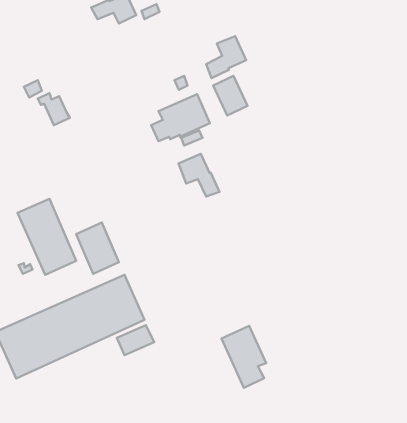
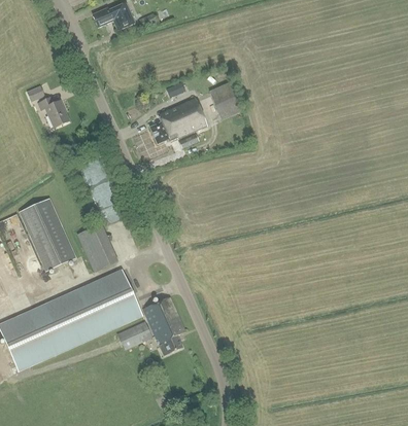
building: [206,36,246,78] -> none
building: [178,154,219,196] -> none
building: [221,326,266,388] -> [143,296,186,356]

